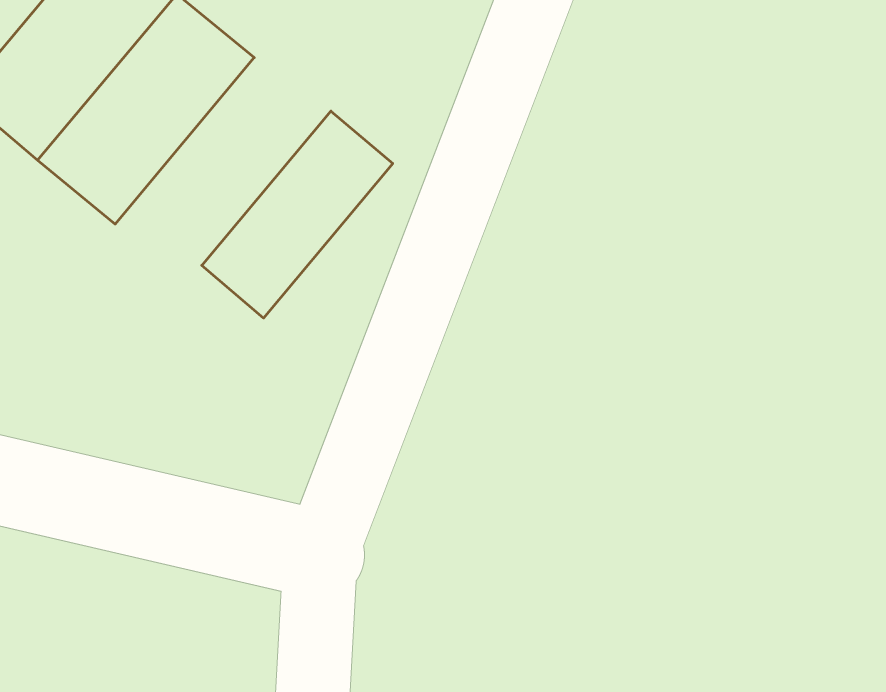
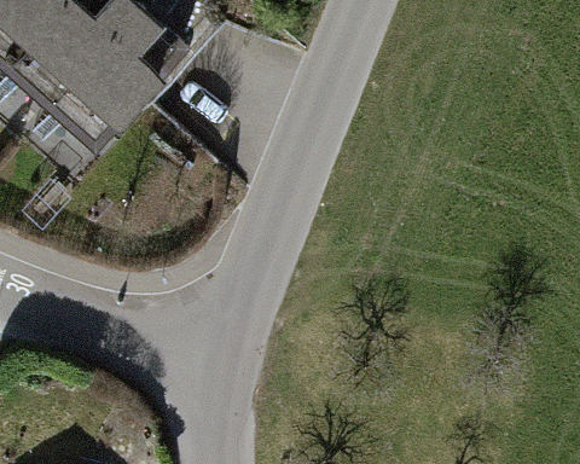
building: [202,111,393,318] -> none

